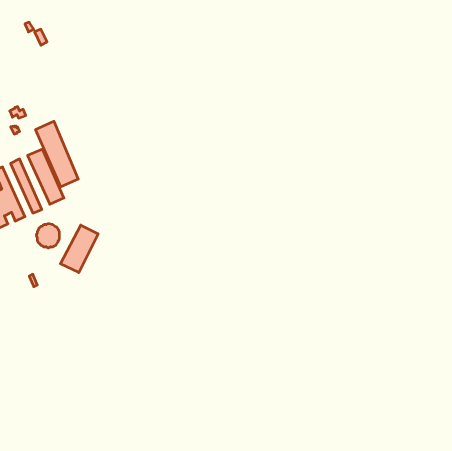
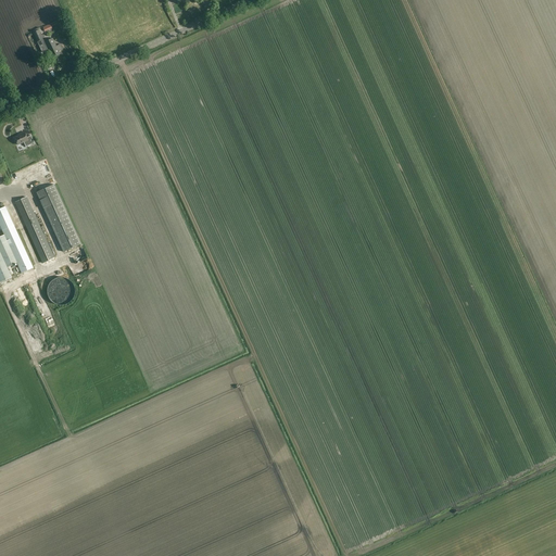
building: [36,121,78,187] -> none
building: [60,225,98,273] -> none

